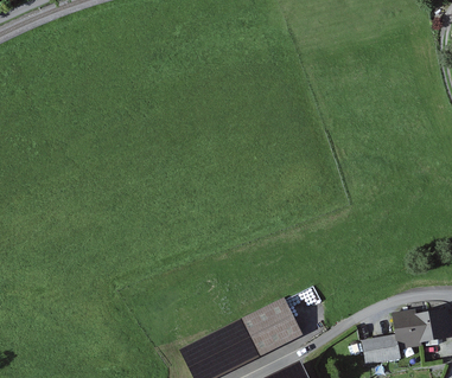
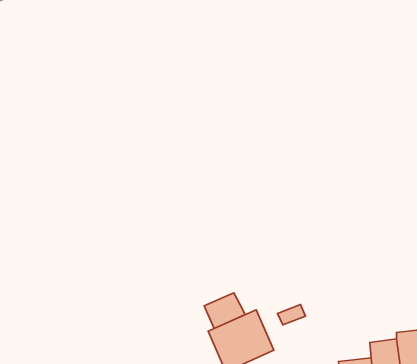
building: none -> [204,293,245,328]

